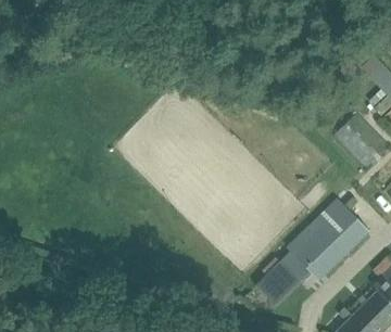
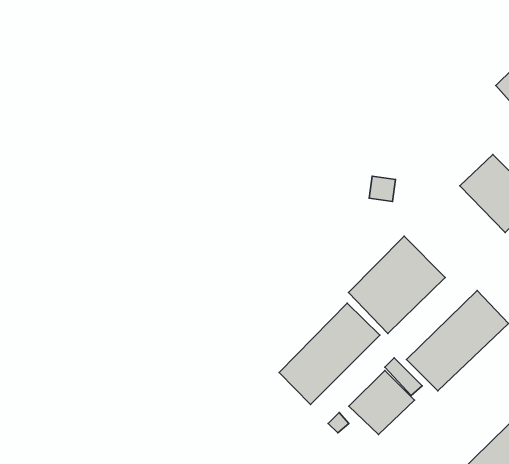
building: none -> [348,236,445,333]
building: none -> [279,303,380,404]

